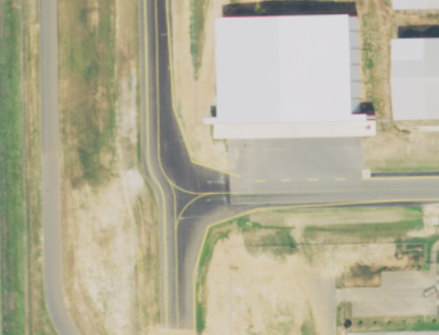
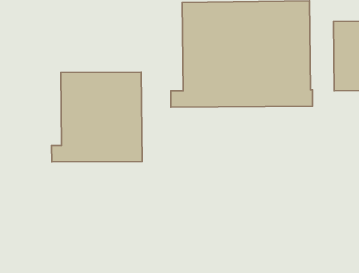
building: none -> [52,72,142,162]

